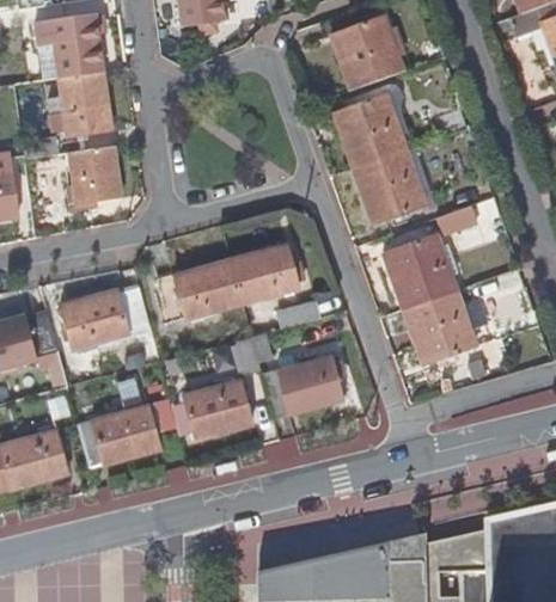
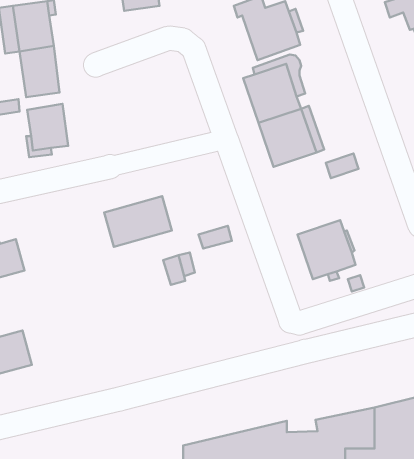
building: [383,235,456,308] -> none
building: [232,245,299,303] -> none
building: [62,289,151,350] -> none
building: [262,352,347,416] -> none
building: [184,377,253,437] -> none
building: [77,397,160,466] -> none

